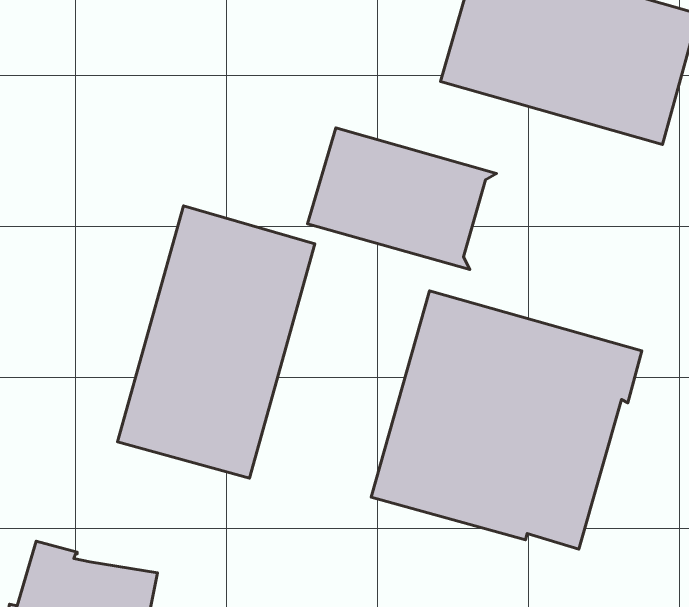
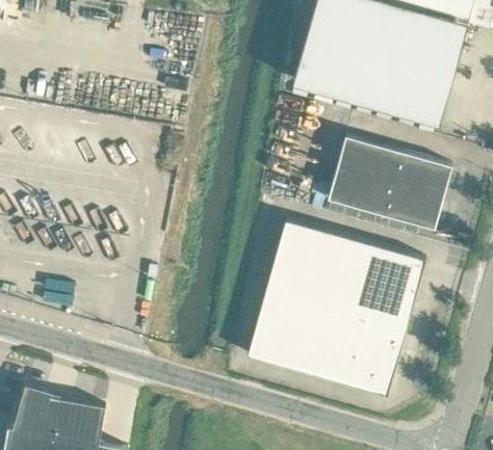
building: [308,128,496,270] -> [327,136,451,230]
building: [117,206,315,478] -> none

